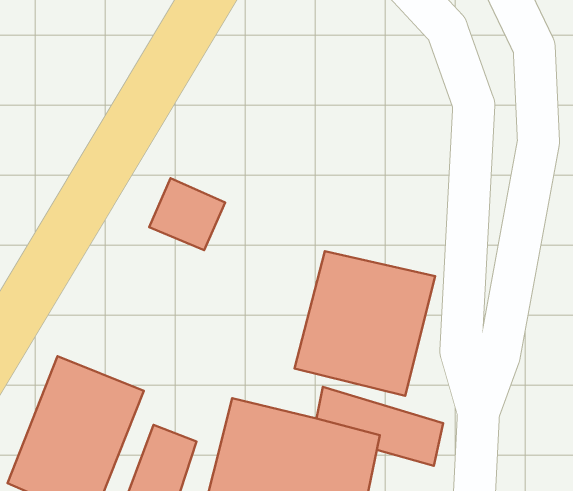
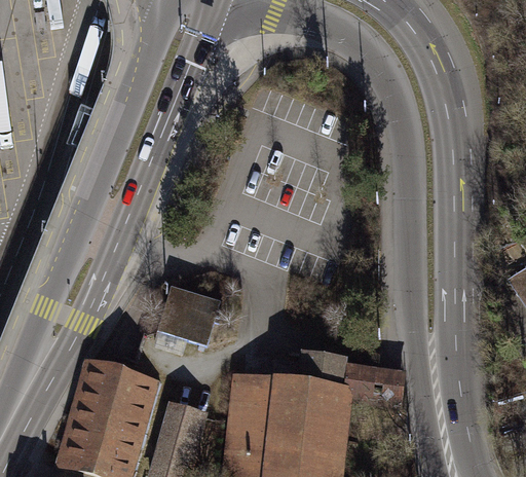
building: [149,178,225,250] -> [158,285,218,340]
building: [294,251,435,396] -> none

